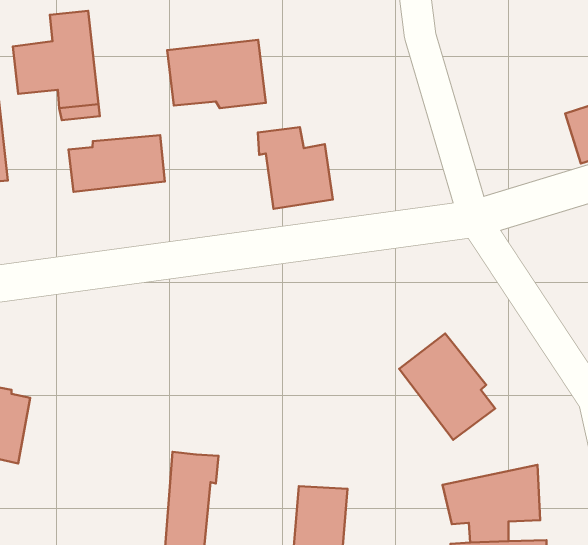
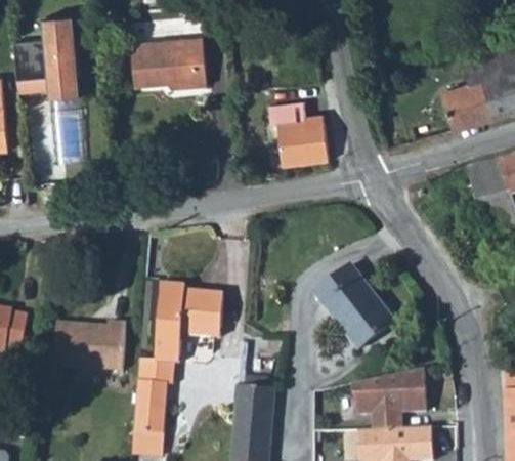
building: [258,127,333,209] -> [269,102,328,166]
building: [69,135,165,192] -> none
building: none -> [157,280,225,361]
building: none -> [54,319,122,369]

